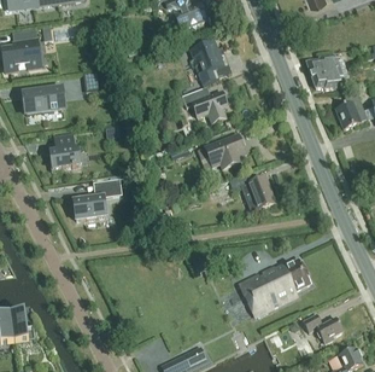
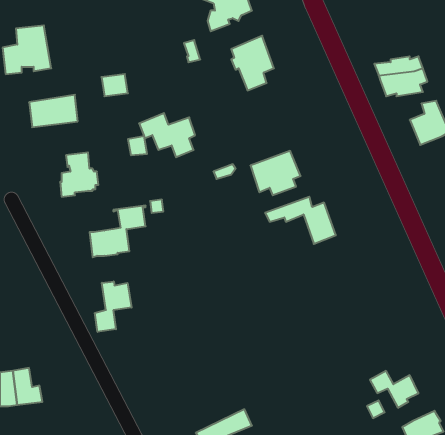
building: [182,87,228,123] -> [139,113,195,157]
building: none -> [95,281,132,332]
building: [239,258,311,315] -> none

